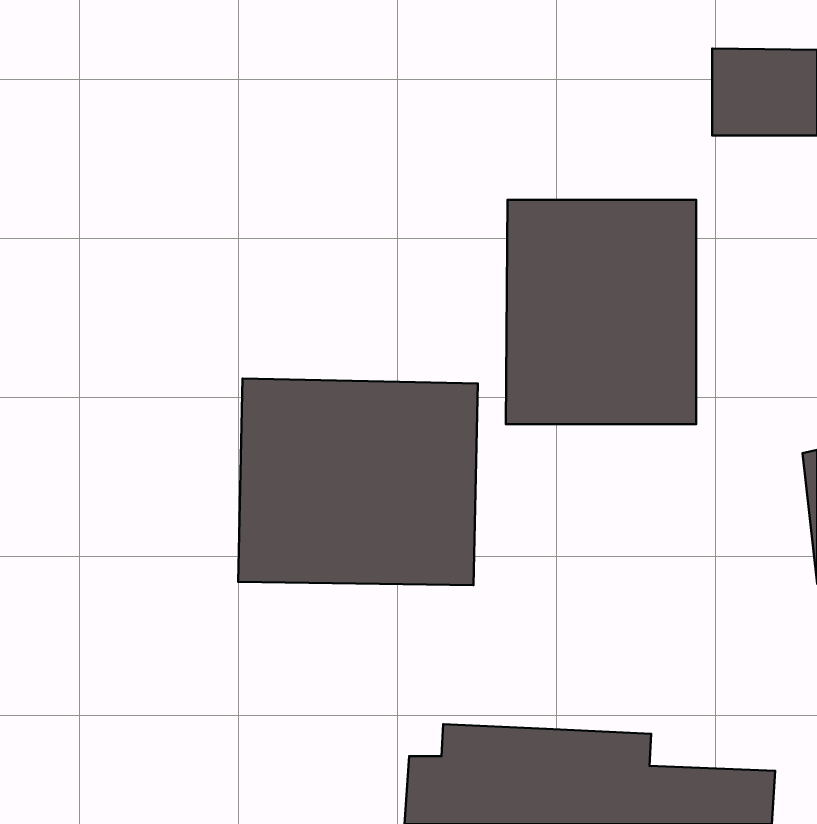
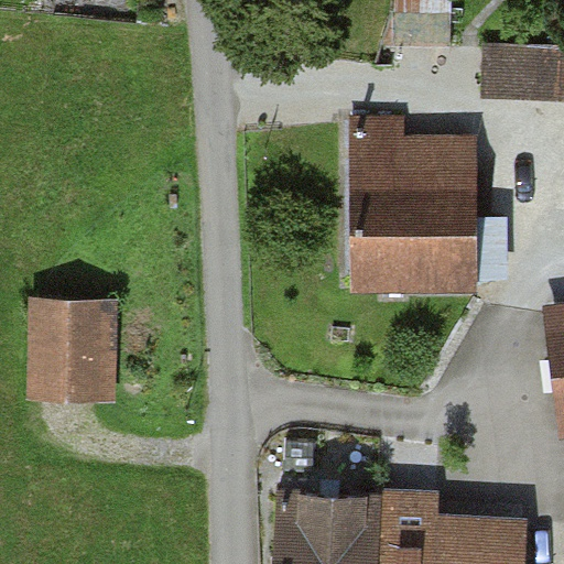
building: [238,378,478,585] -> none
building: none -> [30,300,117,403]

